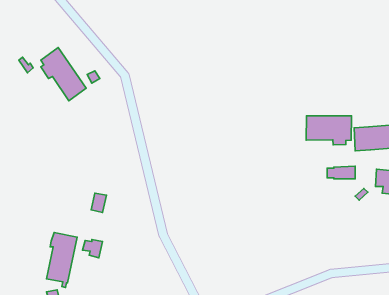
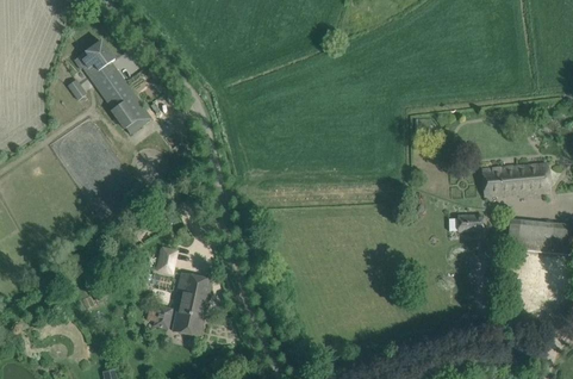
building: none -> [74,41,114,77]
building: [306,116,351,145] -> none
building: [46,233,77,287] -> [173,274,211,342]

